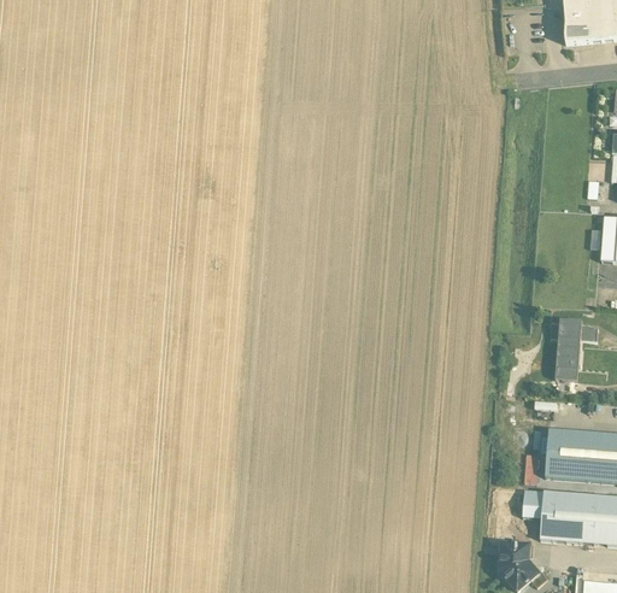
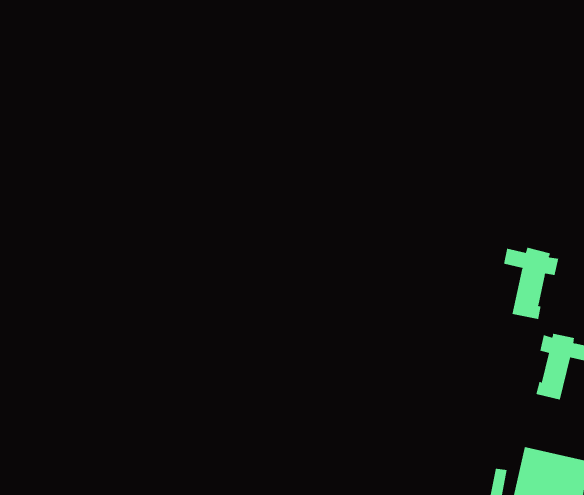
building: none -> [503,247,559,320]

